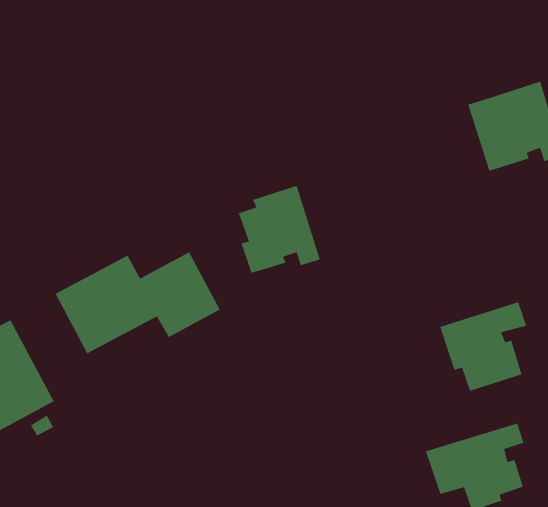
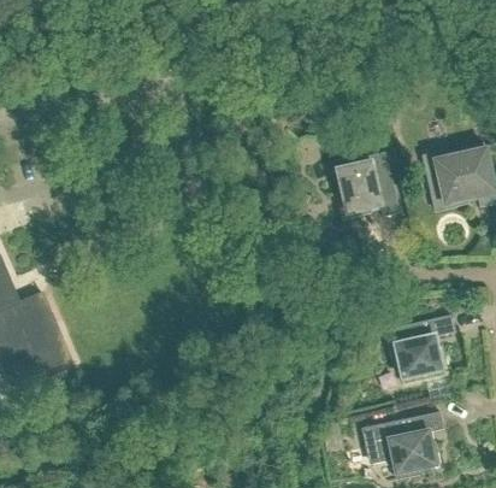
building: [238,185,321,274] -> [336,149,398,217]
building: [54,251,221,355] -> none

